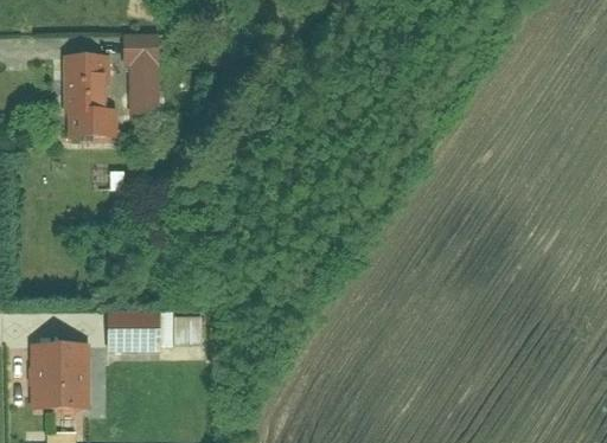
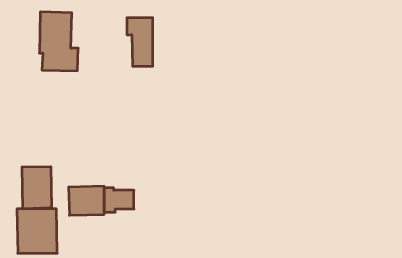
building: [122,41,160,113] -> [127,18,153,66]
building: none -> [22,167,51,209]

